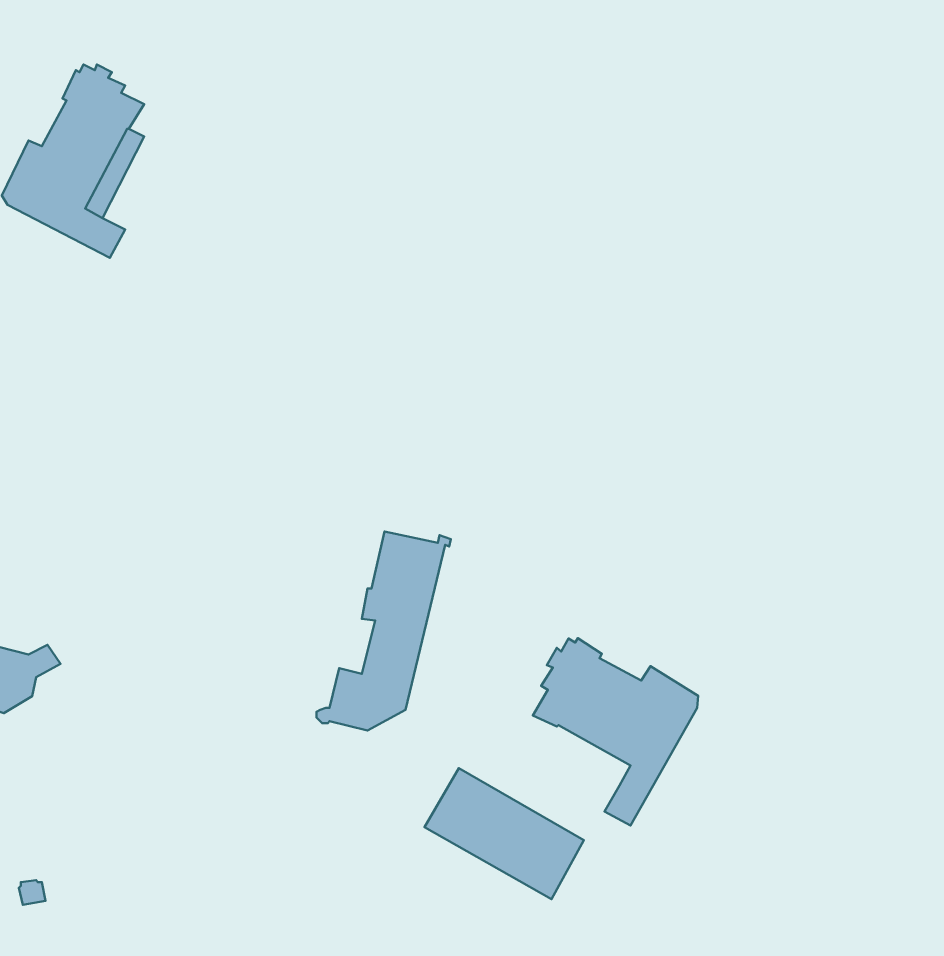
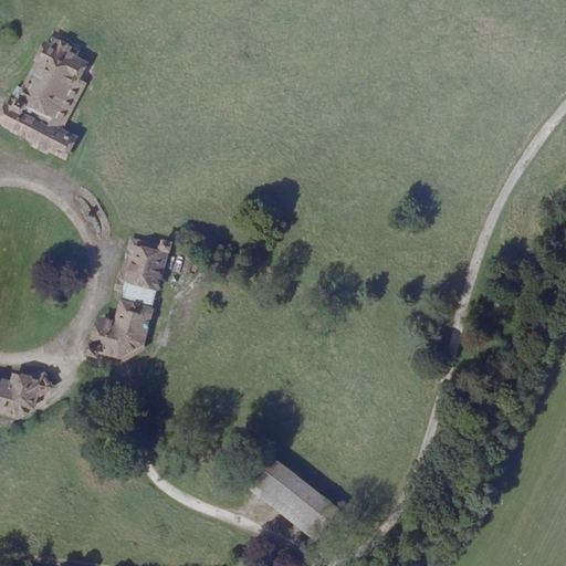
building: [316,531,451,731] -> [91,240,169,356]
building: [533,638,698,826] -> none

